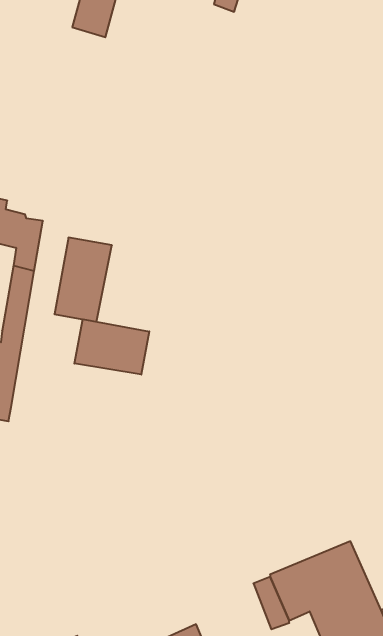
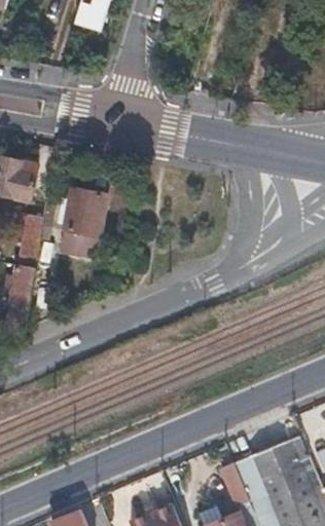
building: [74,319,149,375] -> none

